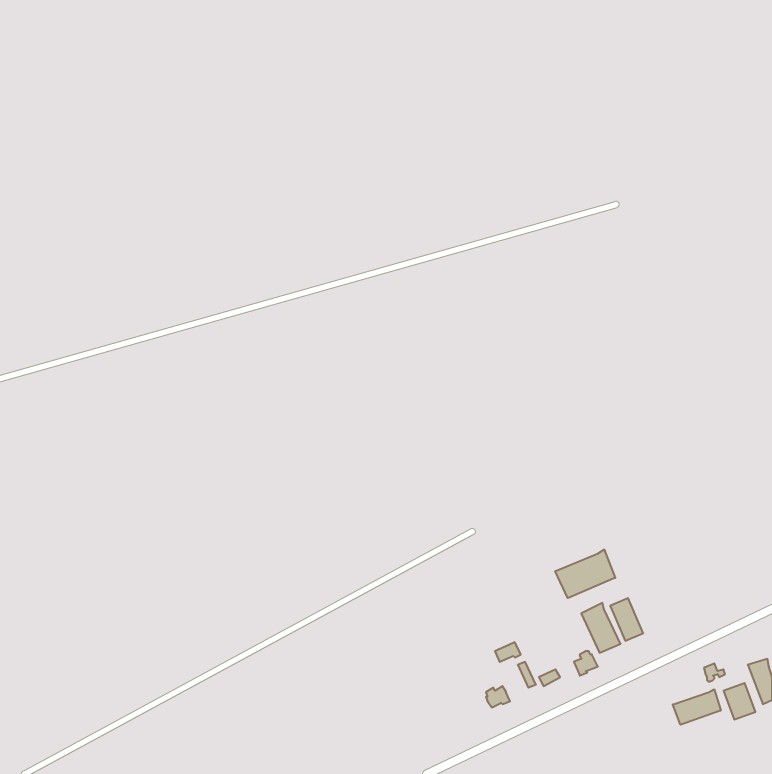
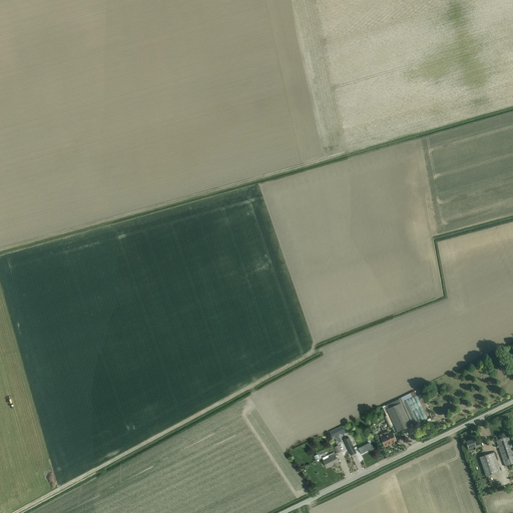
building: [555,549,615,598] -> none
building: [673,689,721,725] -> none

